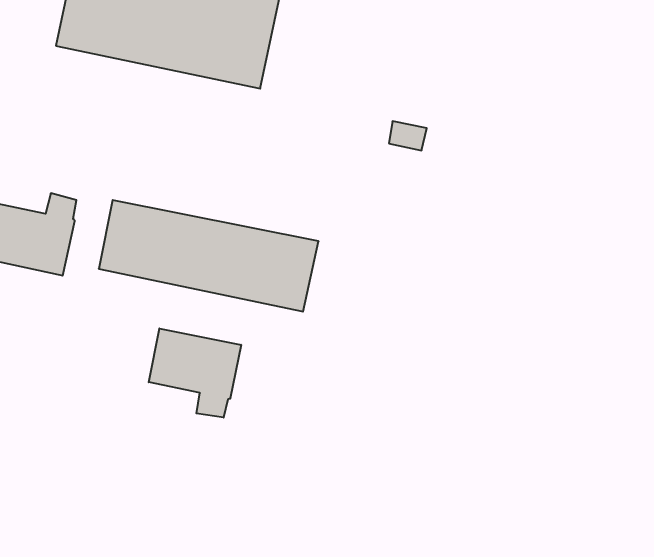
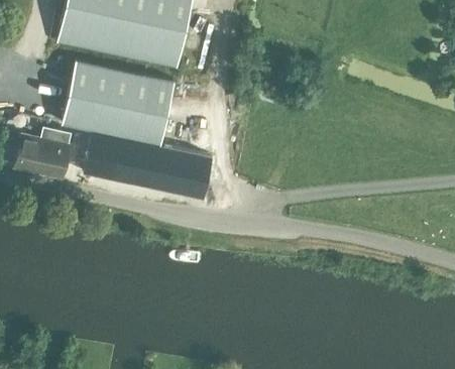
building: none -> [62,59,175,145]
building: [149,328,241,418] -> none

